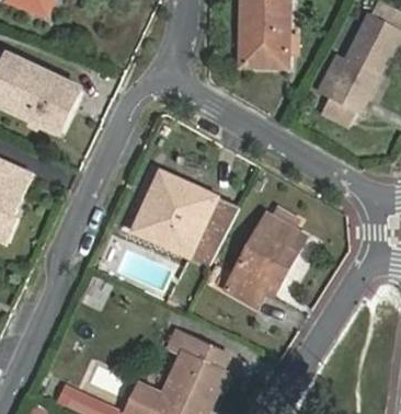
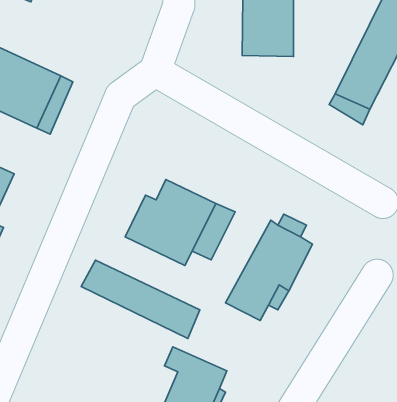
building: none -> [81,260,200,339]

